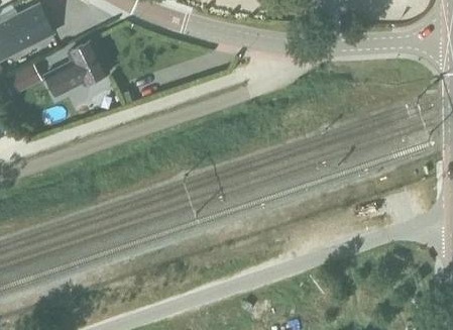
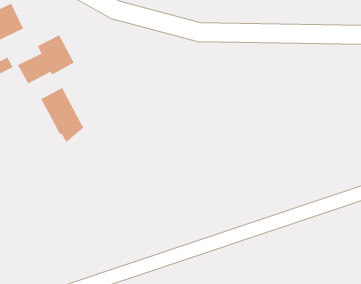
building: none -> [40,87,84,143]

